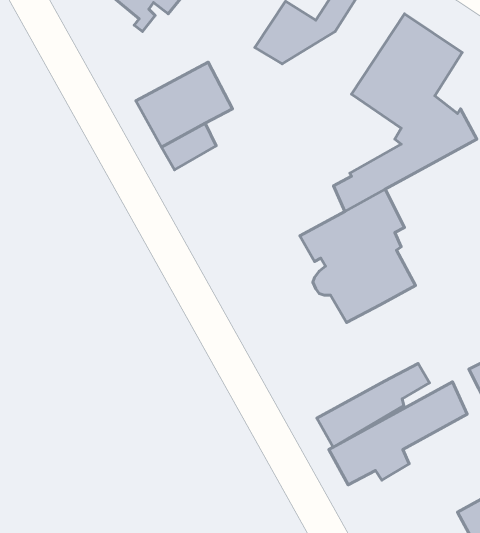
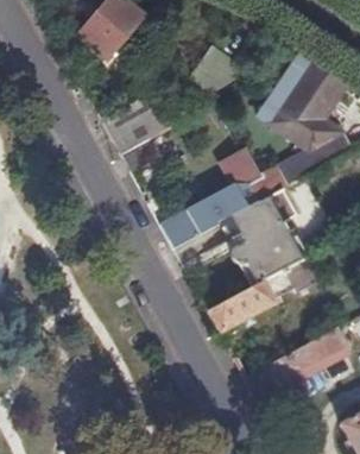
building: none -> [159,146,261,246]
building: [317,364,429,447] -> [208,270,291,332]

